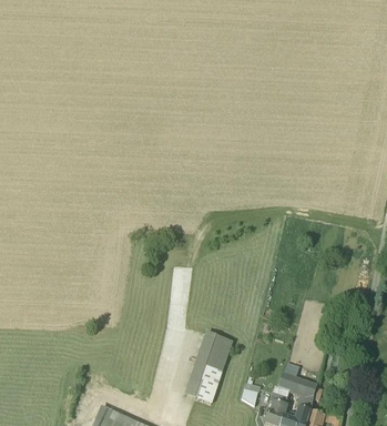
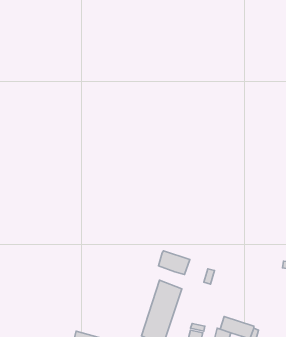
building: none -> [158,251,190,275]

